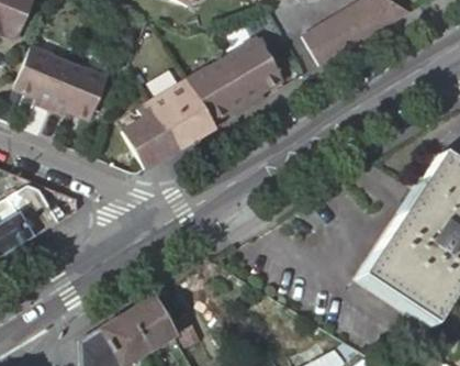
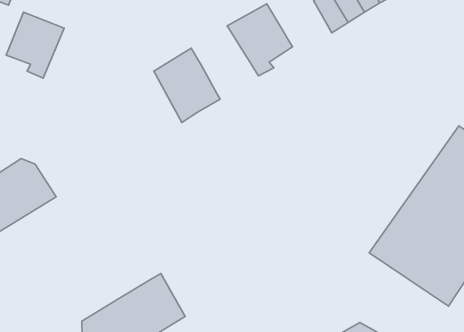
building: [187,59,250,123] -> none
building: [47,62,103,119] -> none
building: [117,102,178,171] -> none

